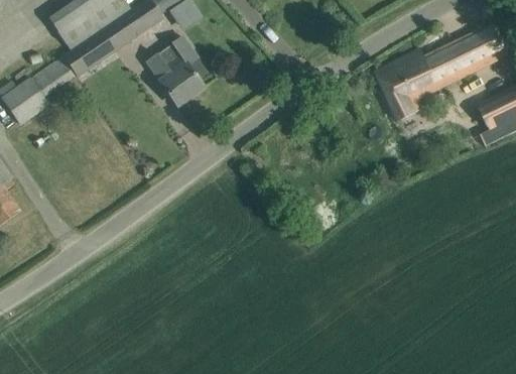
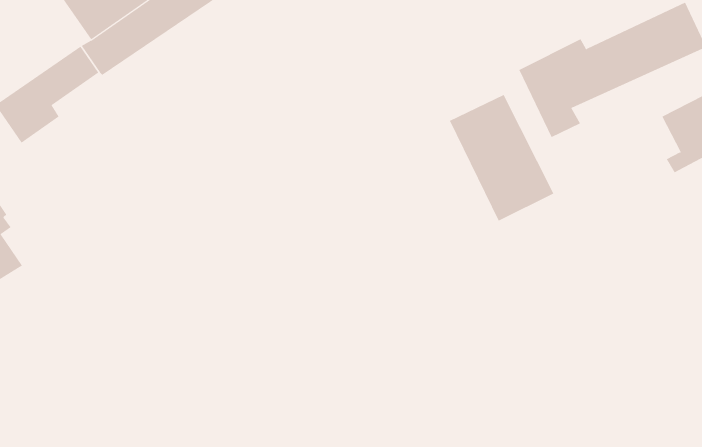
building: [146,36,204,105] -> none
building: none -> [449,94,554,221]

